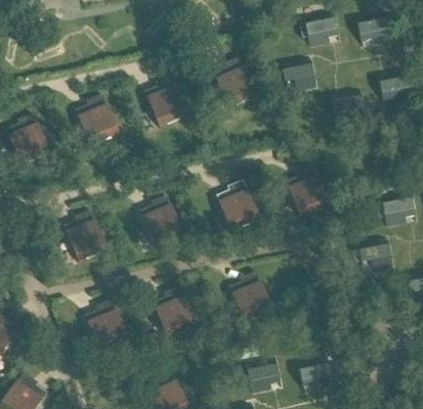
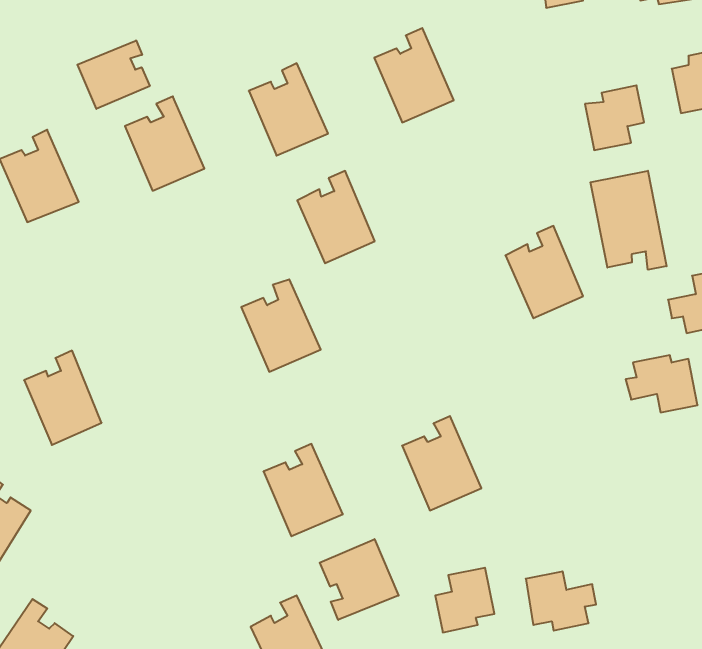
building: [281,58,315,90] -> none
building: none -> [77,40,150,109]
building: none -> [590,171,667,270]
building: [216,180,259,231] -> [297,171,375,263]
building: [64,210,107,262] -> [24,351,102,445]
building: [84,300,128,351] -> none
building: none -> [320,539,399,620]

